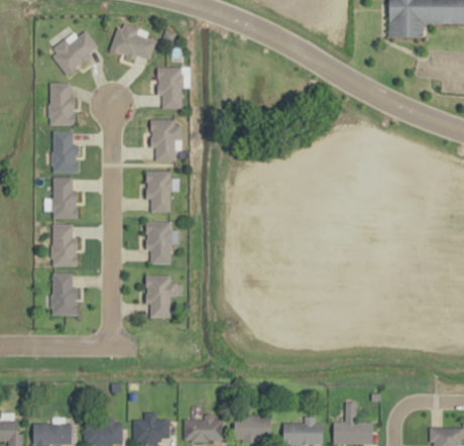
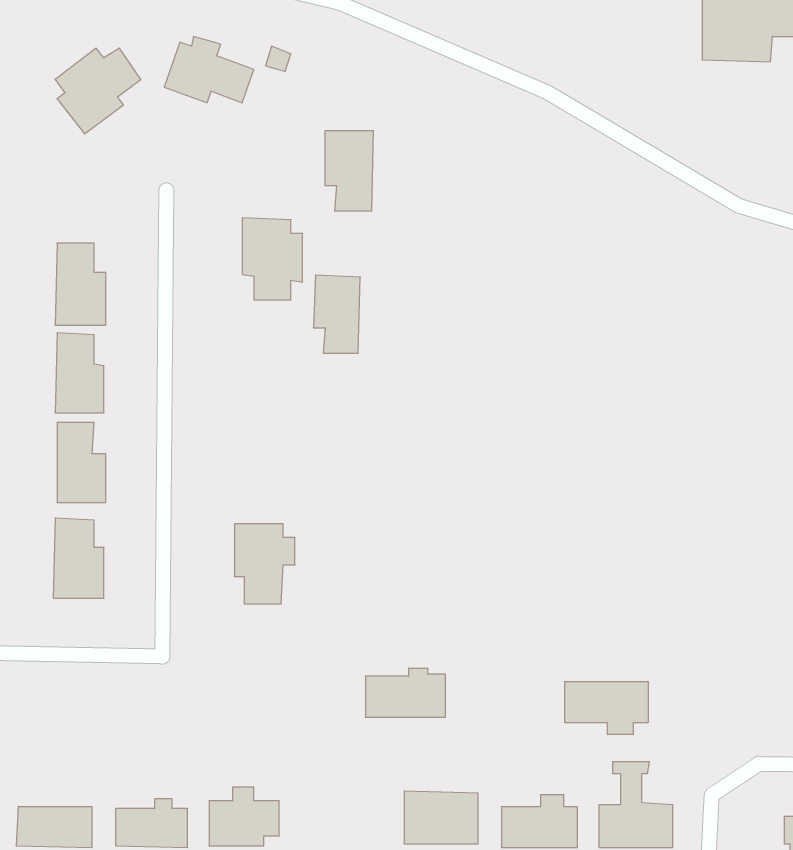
building: [156,67,182,108] -> [325,131,374,211]
building: [49,83,76,125] -> none
building: [145,171,169,211] -> [313,275,360,353]
building: [145,222,178,263] -> none
building: none -> [565,681,648,735]
building: [182,416,223,441] -> [365,668,445,717]

